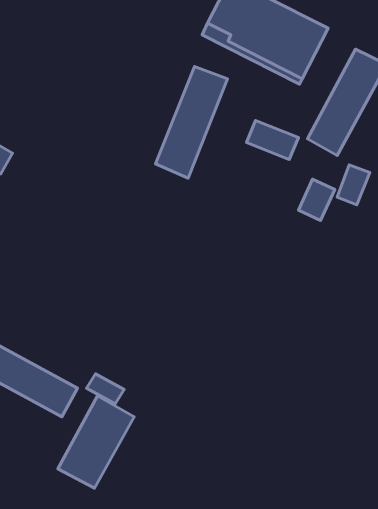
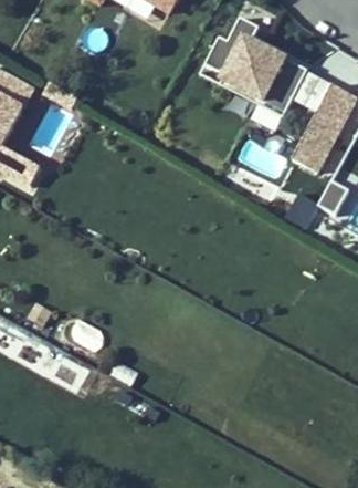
building: [156,66,227,178] -> none
building: [58,396,134,488] -> none

